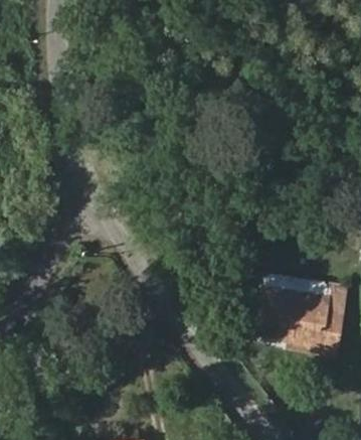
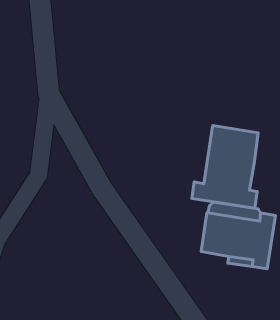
building: none -> [192,125,258,208]

